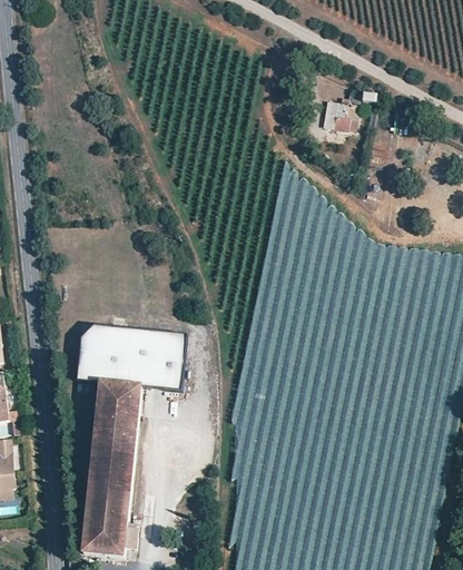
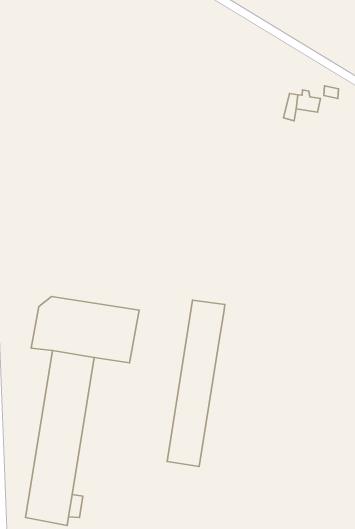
building: none -> [167,300,225,466]

